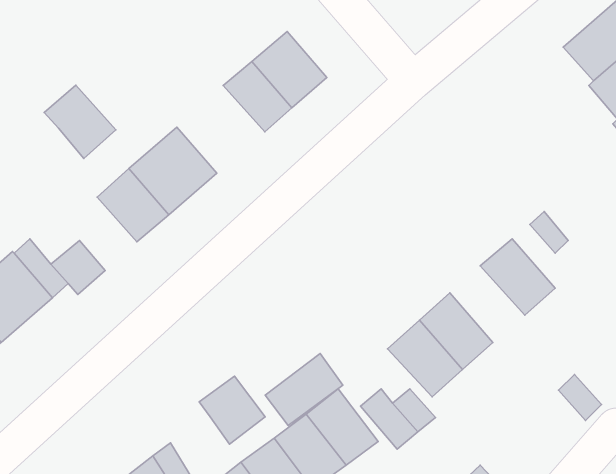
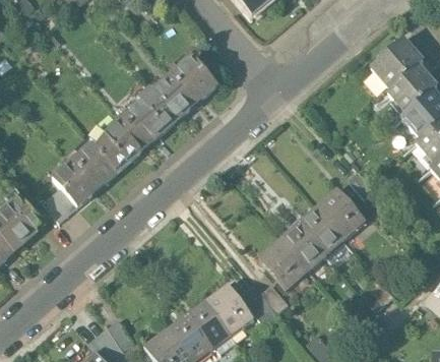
building: [44,85,116,159] -> [52,162,98,208]
building: none -> [123,90,179,146]
building: none -> [297,205,344,254]
building: [265,353,343,425] -> none
building: [199,376,265,444] -> none

